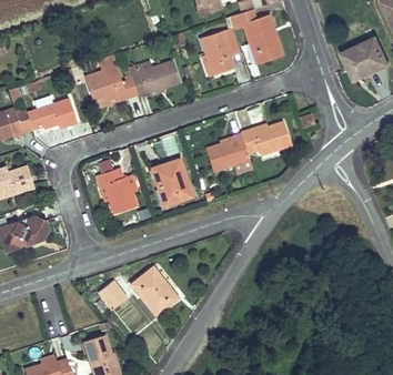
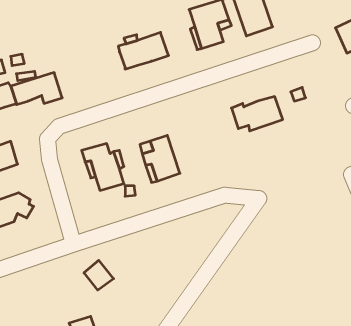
building: [83,65,138,102] -> none
building: [204,133,250,172] -> none
building: [131,267,177,315] -> none

